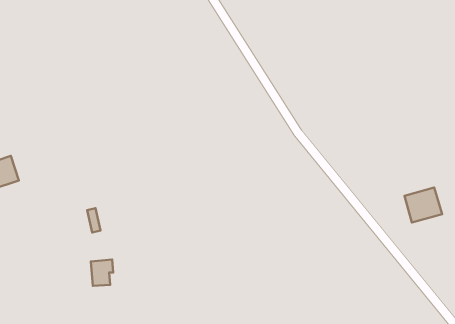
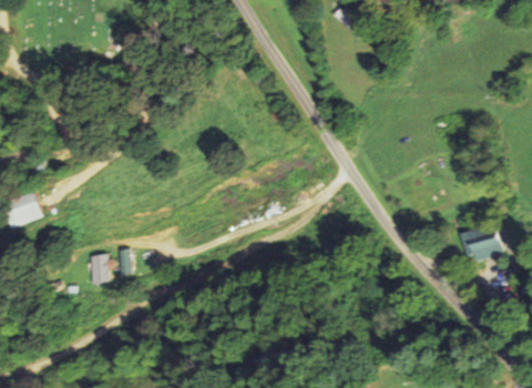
building: [91,259,113,286] -> [90,254,114,283]

